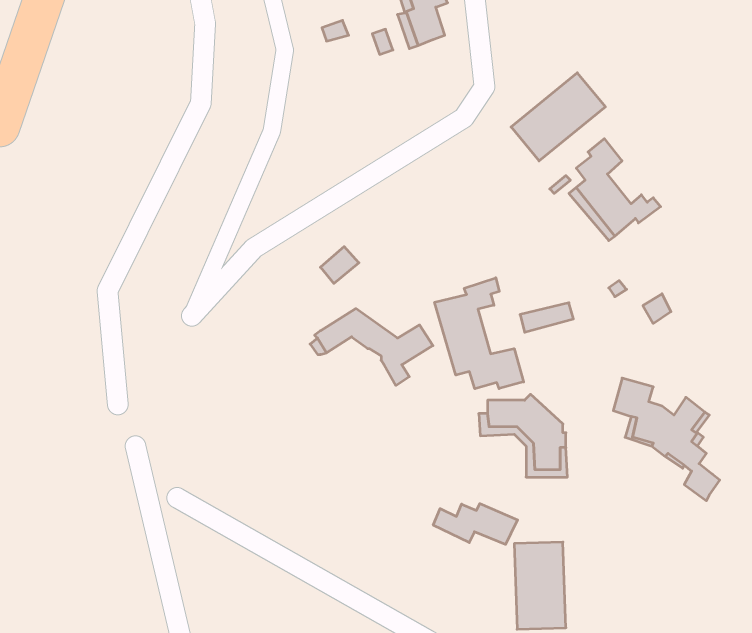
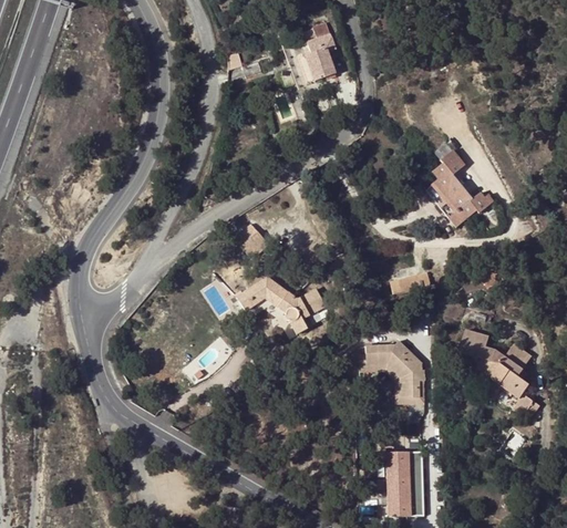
building: [511,73,605,161] -> none
building: [435,278,524,389] -> none
building: [433,504,518,544] -> none

